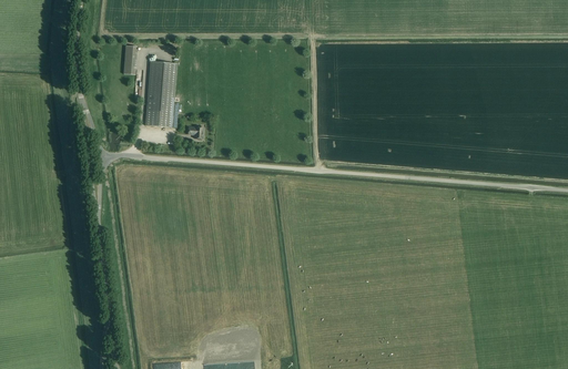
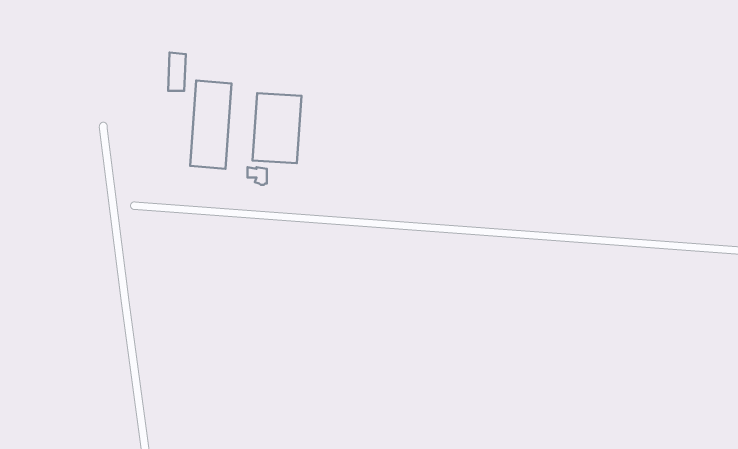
building: none -> [253,93,301,163]

